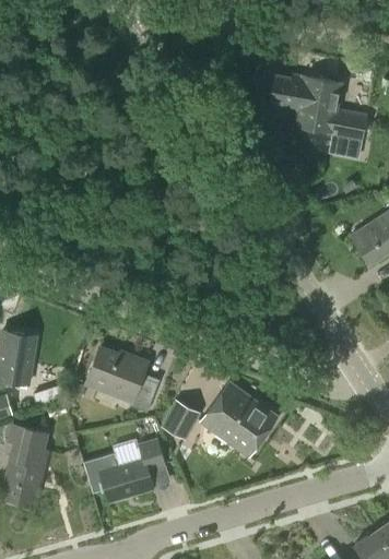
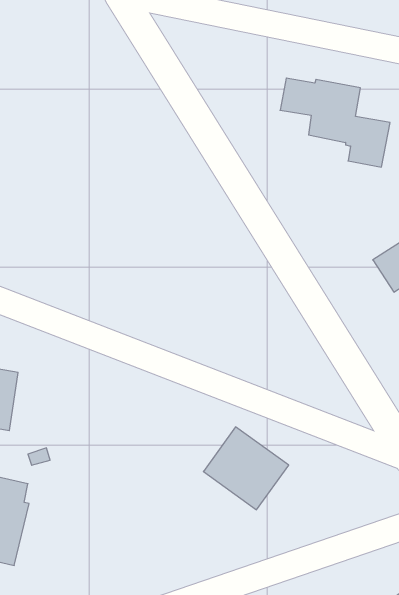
building: [85,348,160,413] -> none
building: [160,400,200,440] -> none
building: [99,440,163,502] -> none

